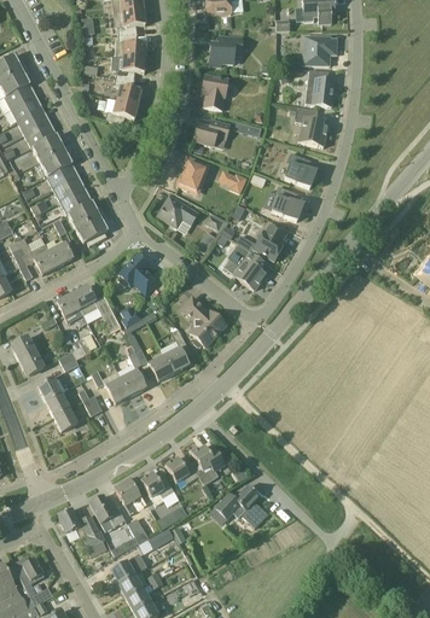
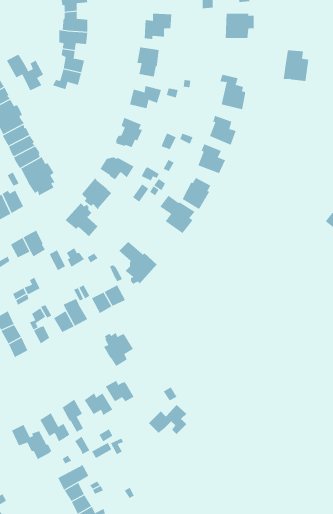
building: [306,69,336,105] -> [283,50,309,82]
building: none -> [6,54,44,91]
building: none -> [81,178,112,210]
building: [191,444,226,484] -> [103,332,134,367]

